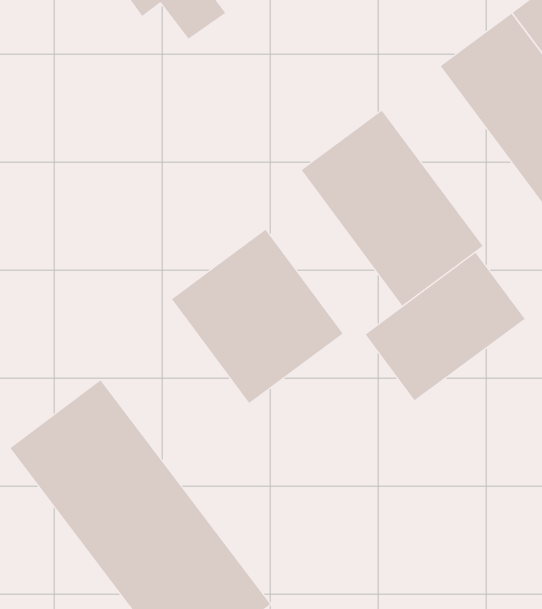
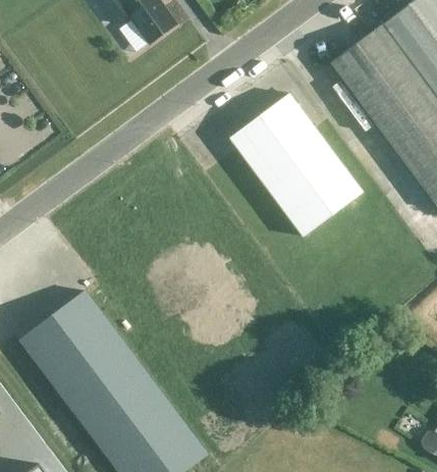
building: [171,229,344,404] -> none
building: [365,252,525,401] -> none

